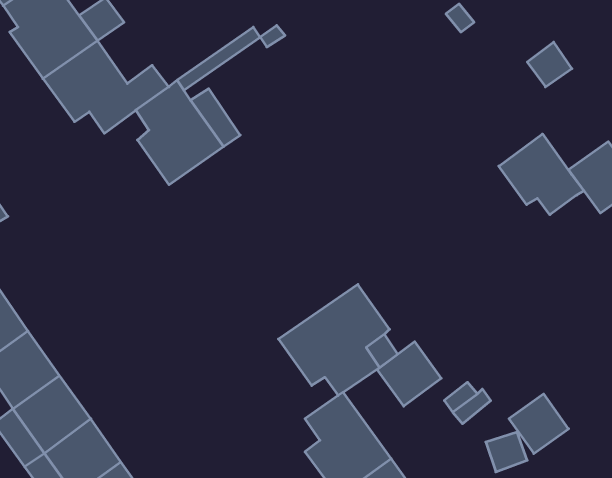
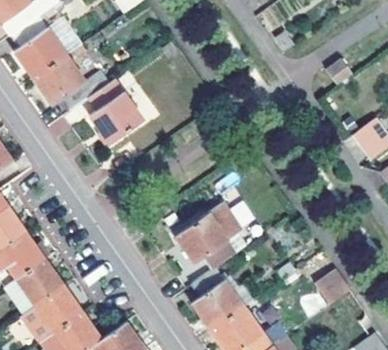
building: [499,134,584,215] -> none
building: [377,342,441,406] -> none

